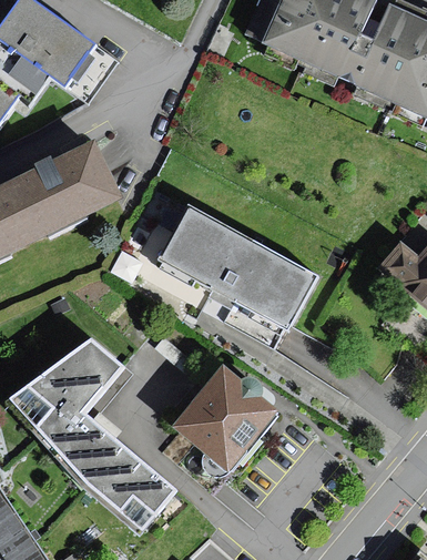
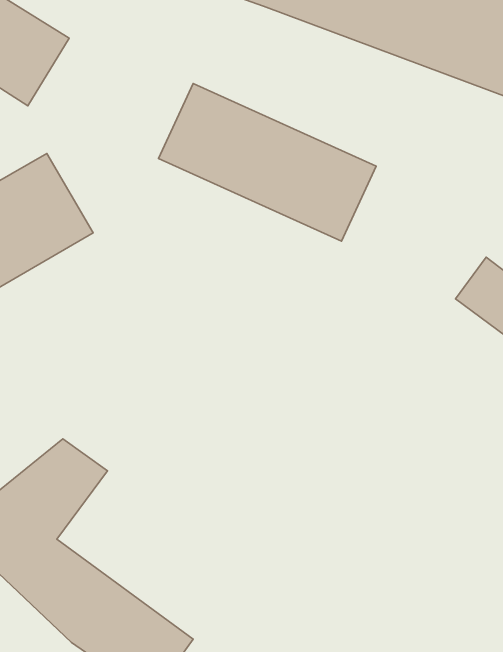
building: [161,207,313,325] -> [159,83,376,241]
building: [174,363,277,467] -> none

